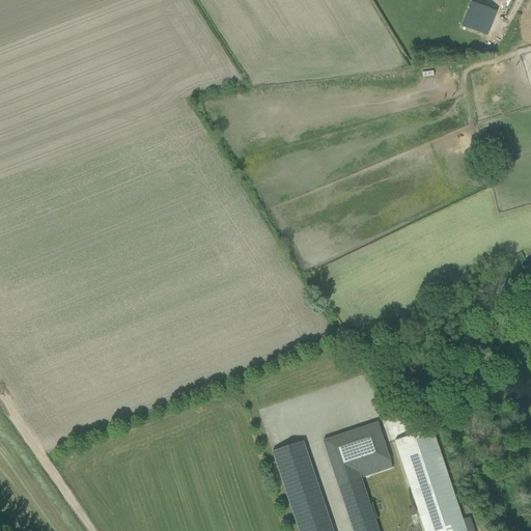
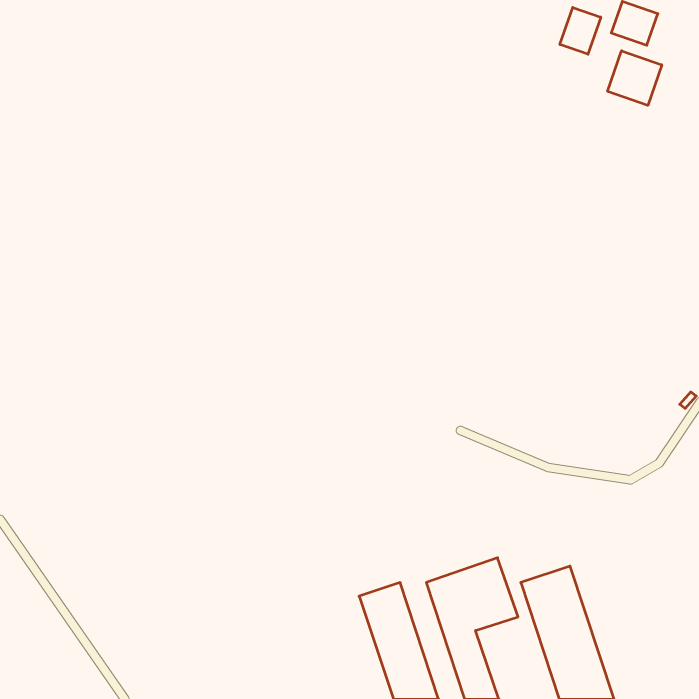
building: none -> [560,7,601,54]
building: none -> [608,51,662,105]

